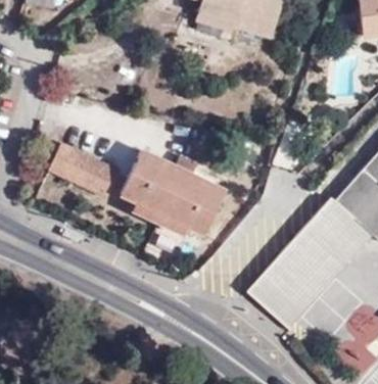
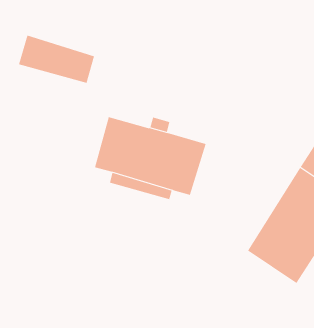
building: [49,143,120,196] -> [18,35,95,83]

